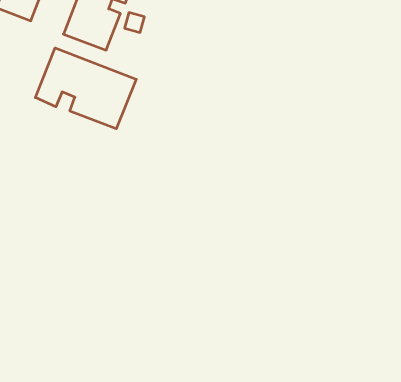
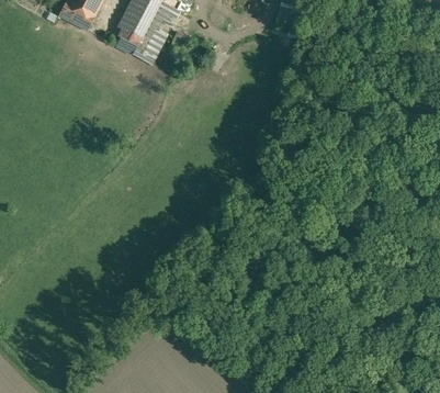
building: [35,48,136,129] -> none

